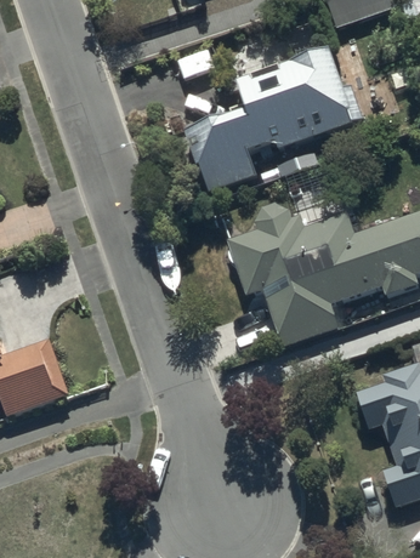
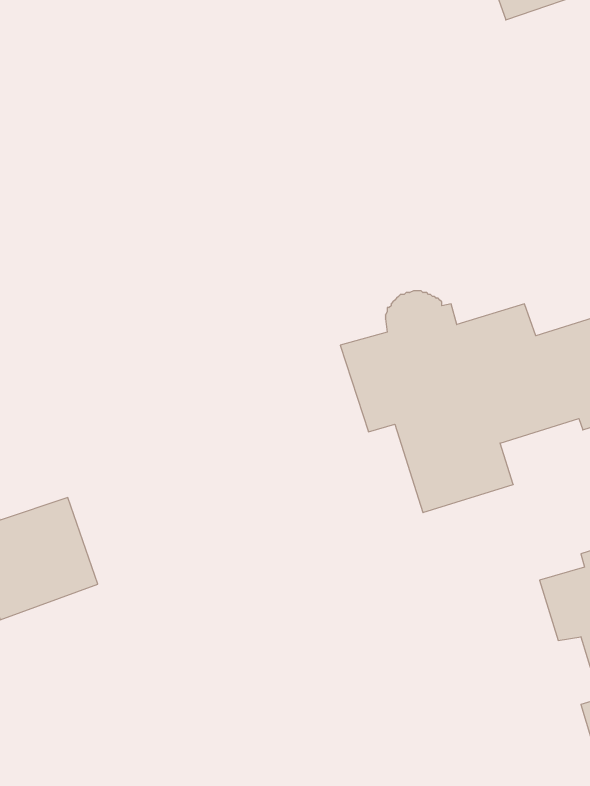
building: [182,46,351,190] -> none

